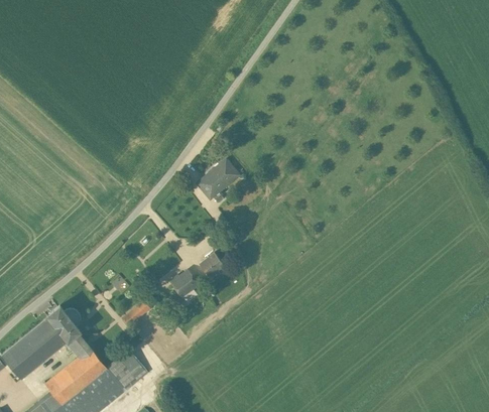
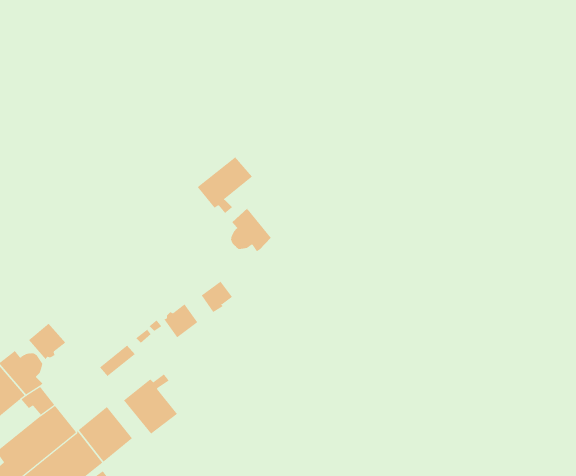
building: none -> [230,208,271,252]
building: none -> [28,323,66,360]
building: none -> [123,373,178,434]

